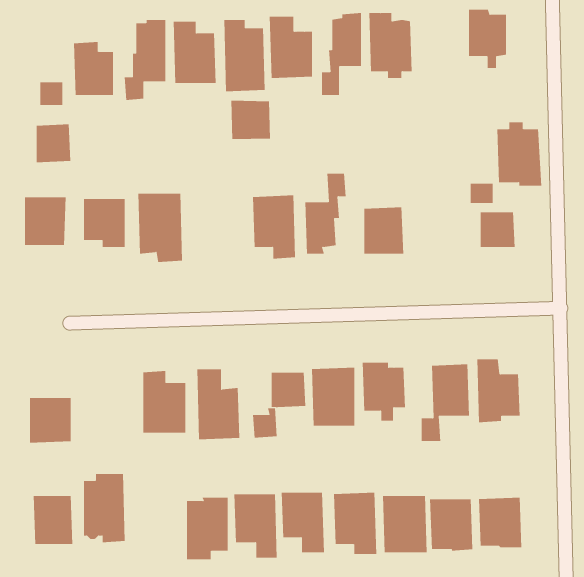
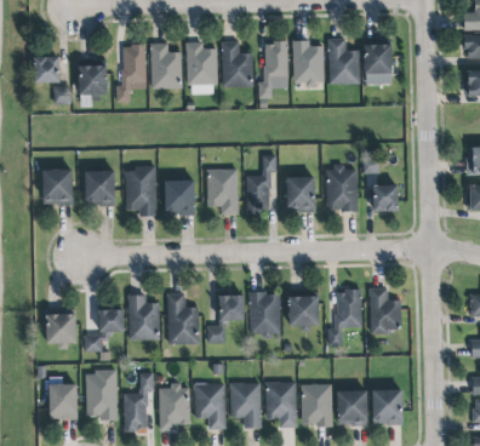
building: none -> [326,36,359,82]
building: [231,100,270,140] -> none
building: [497,122,542,186] -> [324,162,356,208]
building: [36,124,71,163] -> [35,56,61,84]
building: none -> [165,177,195,213]
building: none -> [84,307,124,350]
building: none -> [124,373,154,430]

